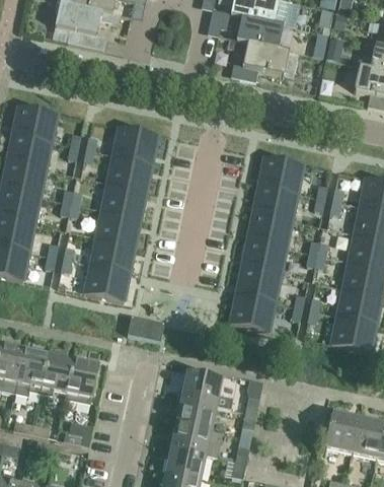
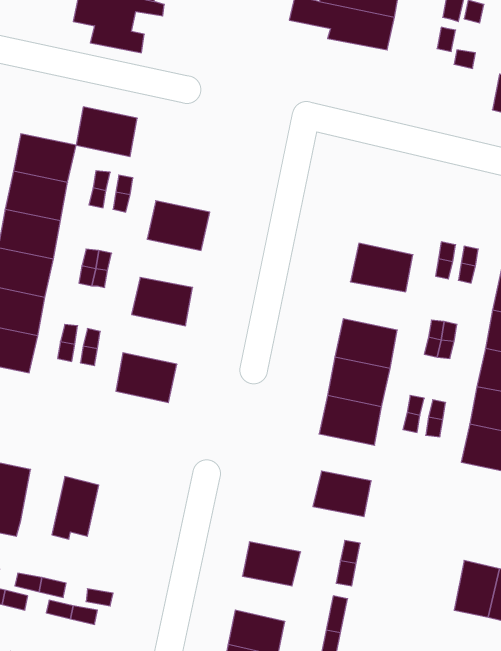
building: [227,38,290,82] -> none
building: [113,128,157,163] -> [76,107,137,157]
building: [258,158,303,194] -> none
building: [102,183,146,217] -> none
building: [247,213,292,248] -> none
building: [90,236,135,272] -> none
building: [128,317,164,342] -> none
building: [17,347,49,394] -> none
building: [65,358,98,405] -> none
building: [180,373,222,406] -> [313,471,371,517]
building: [170,423,211,456] -> none

